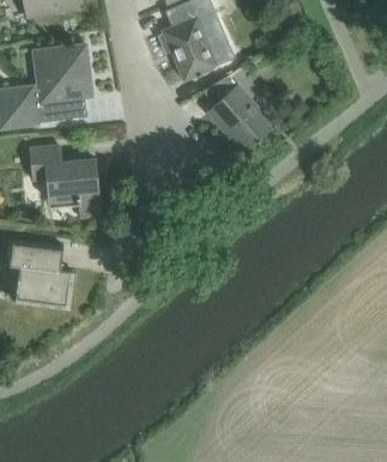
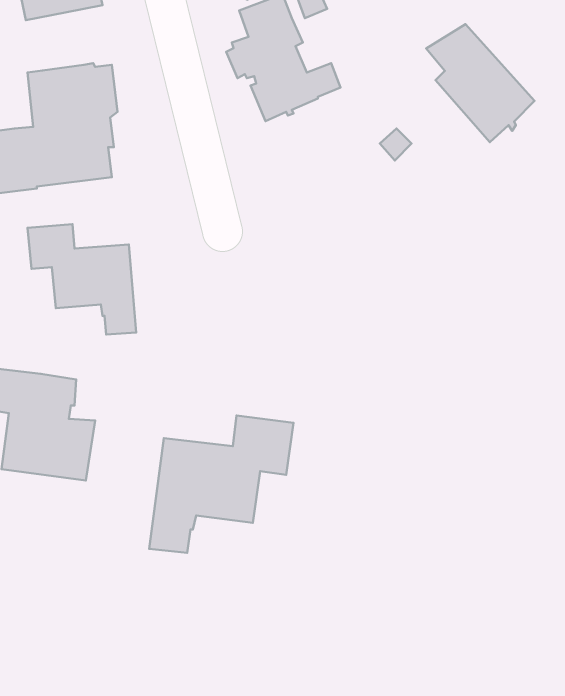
building: [202,75,272,151] -> [426,24,535,142]
building: none -> [149,415,293,553]

